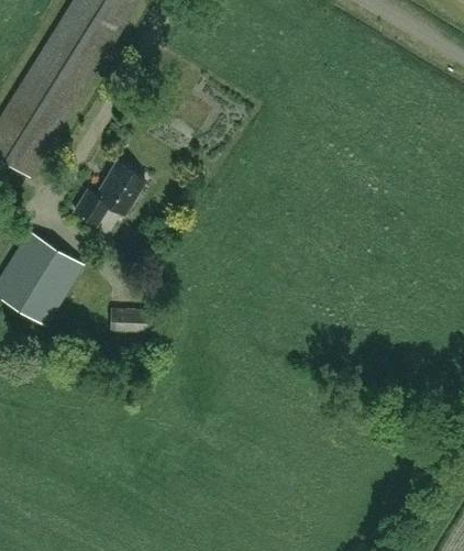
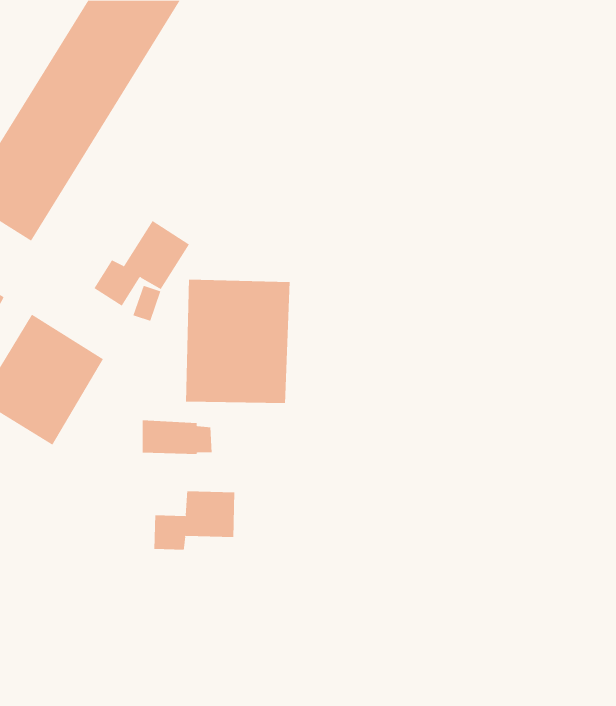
building: none -> [185,279,290,404]
building: none -> [154,491,235,550]

